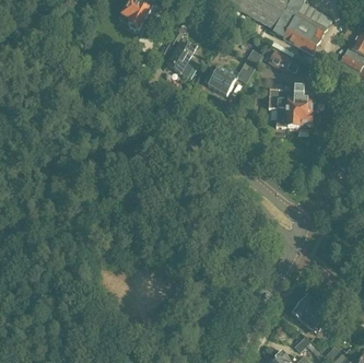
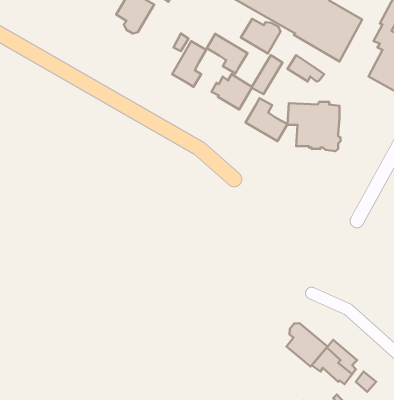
building: none -> [241,19,281,54]
building: none -> [207,34,247,74]
building: none -> [246,98,287,141]
building: none -> [287,323,327,367]

